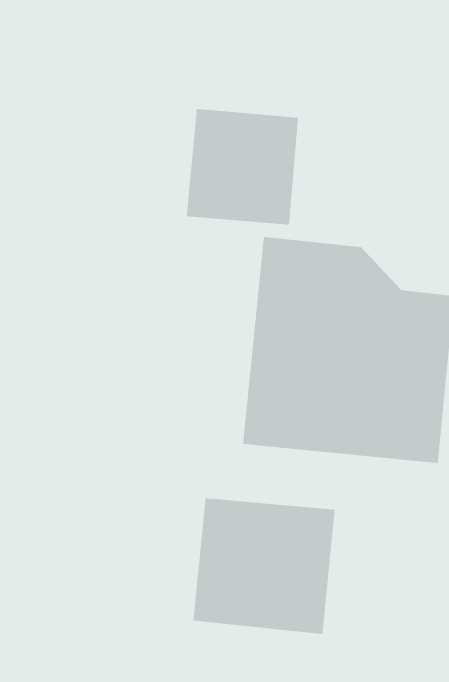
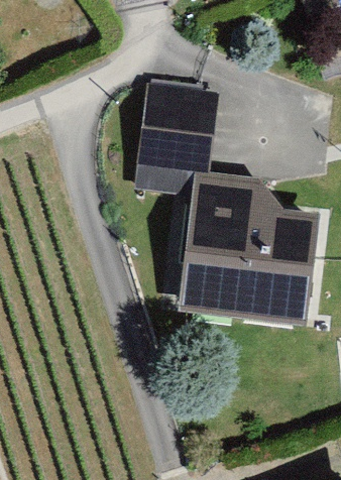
building: [193,497,336,635] -> none

